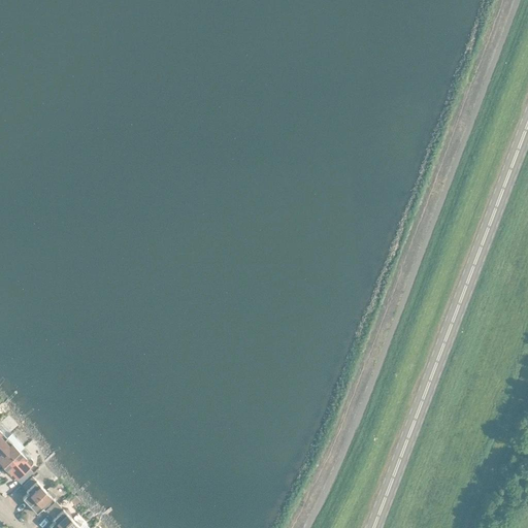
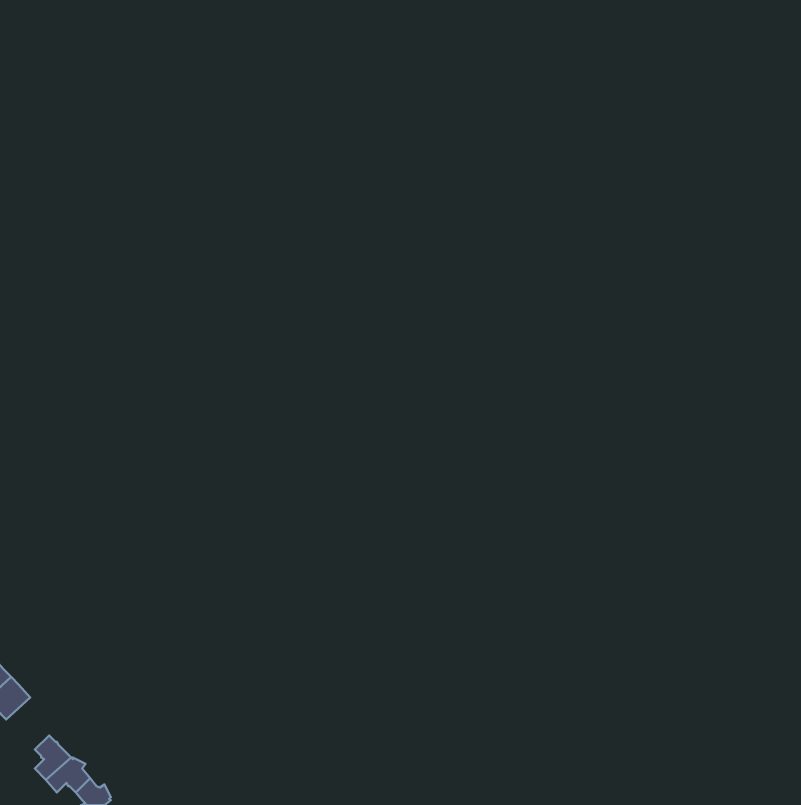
building: [4,455,33,483] -> none

